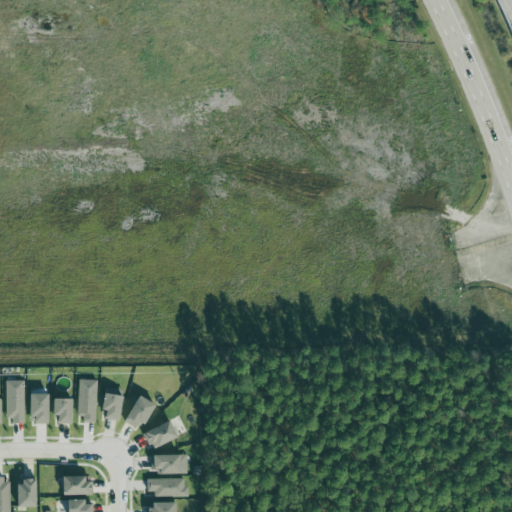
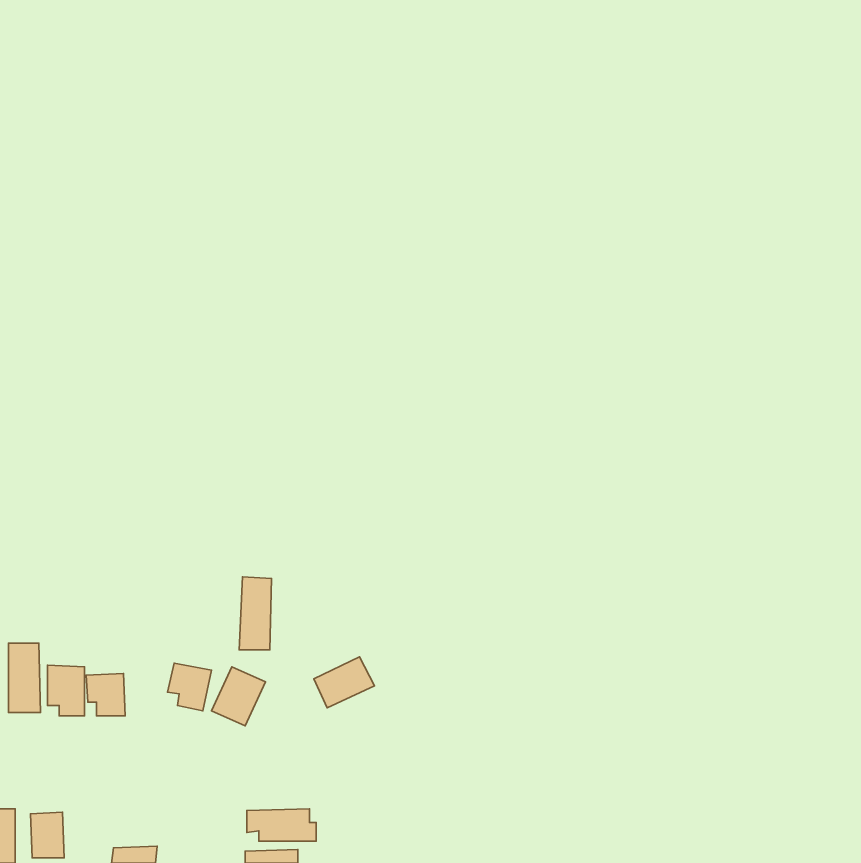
building: [77,379,96,422] -> [239,577,271,650]
building: [143,420,179,450] -> [314,657,375,708]
building: [153,454,187,474] -> none
building: [64,476,90,495] -> none

